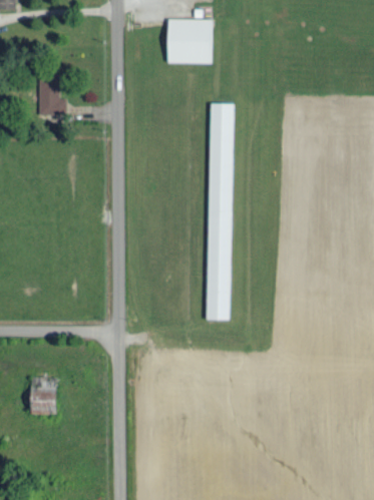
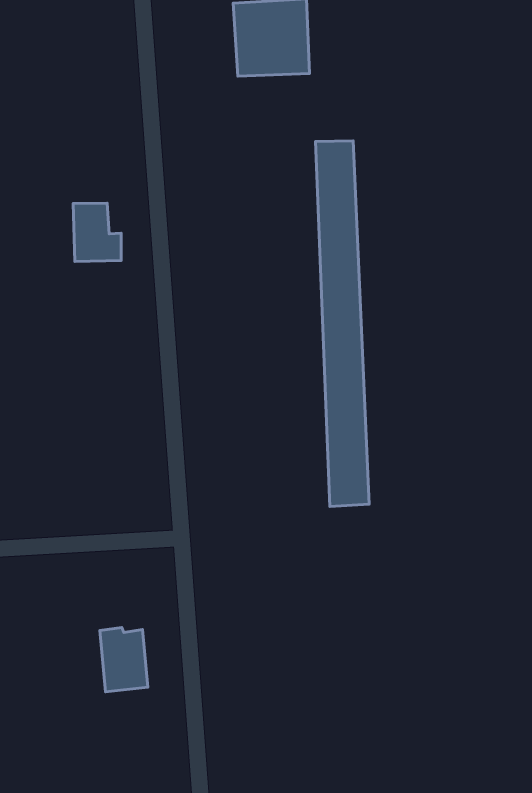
building: [38,81,66,116] -> [73,203,121,262]
building: [31,377,57,414] -> [100,627,148,692]

